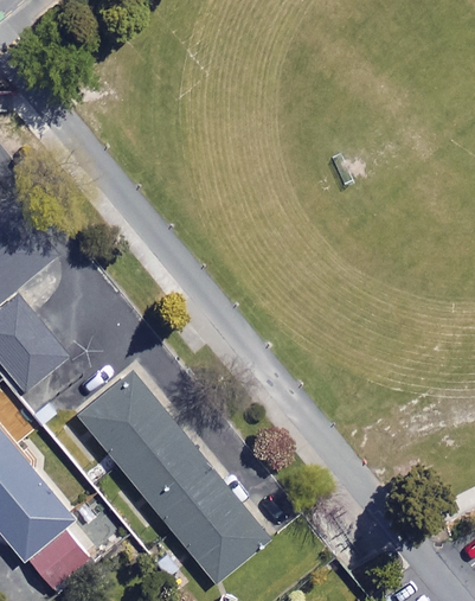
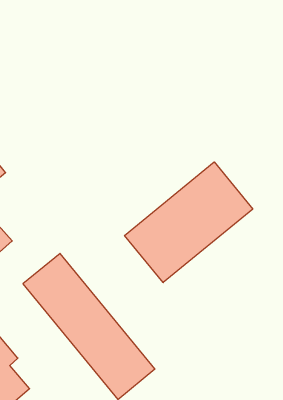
building: none -> [125,162,253,283]

